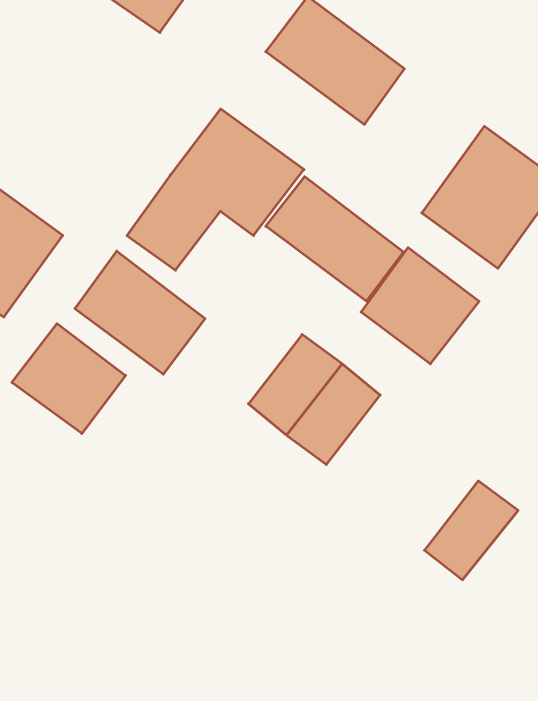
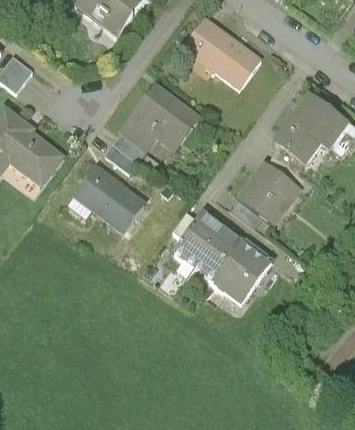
building: [266,177,404,301] -> none
building: [12,324,126,434] -> none
building: [424,481,518,580] -> [216,245,270,302]

